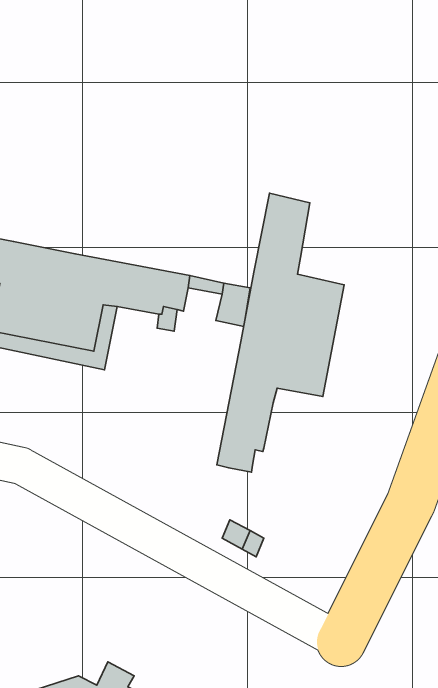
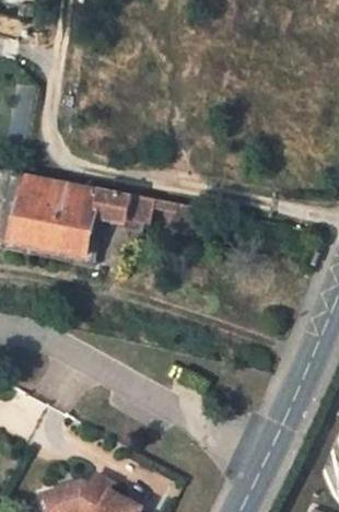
building: [217,193,344,472] -> none

